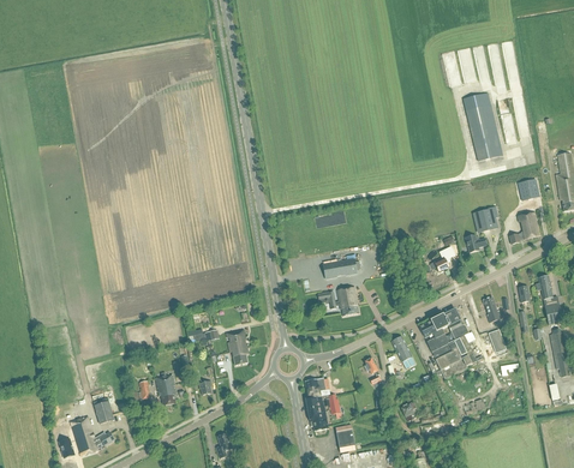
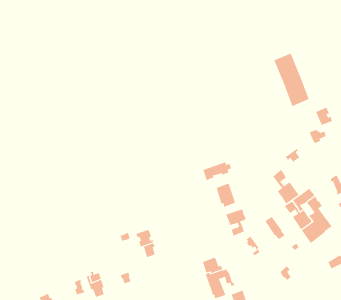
building: [462,92,501,161] -> [273,53,310,107]
building: none -> [273,169,300,204]
building: none -> [226,208,246,237]

